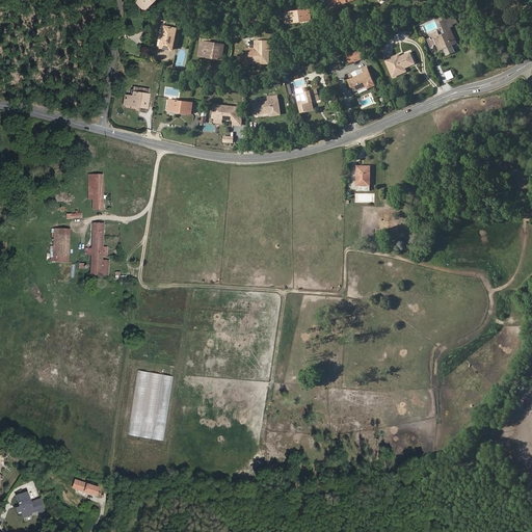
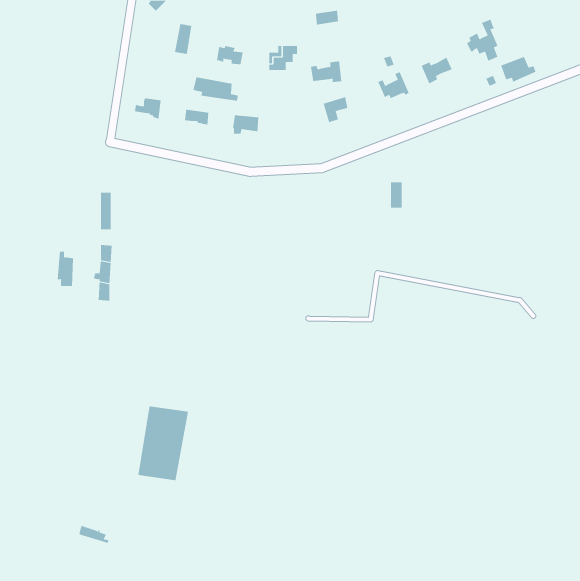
building: none -> [501,56,536,83]
building: none -> [193,77,239,101]
building: [249,96,278,115] -> [310,61,342,83]
building: [14,494,42,520] -> none

